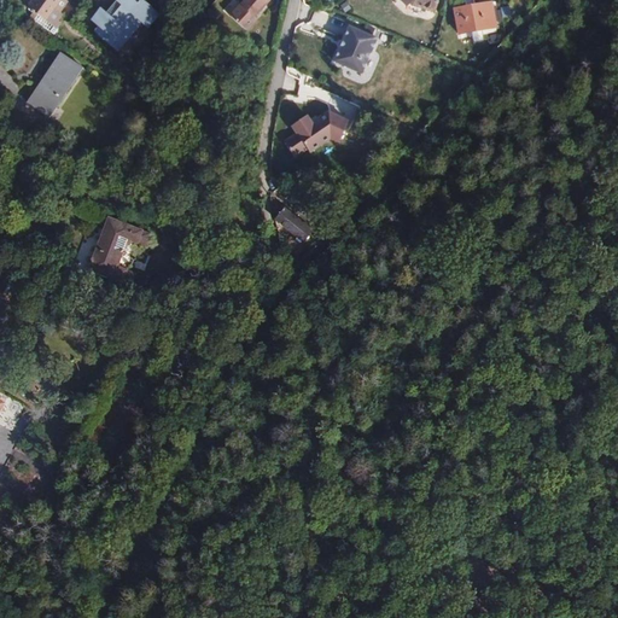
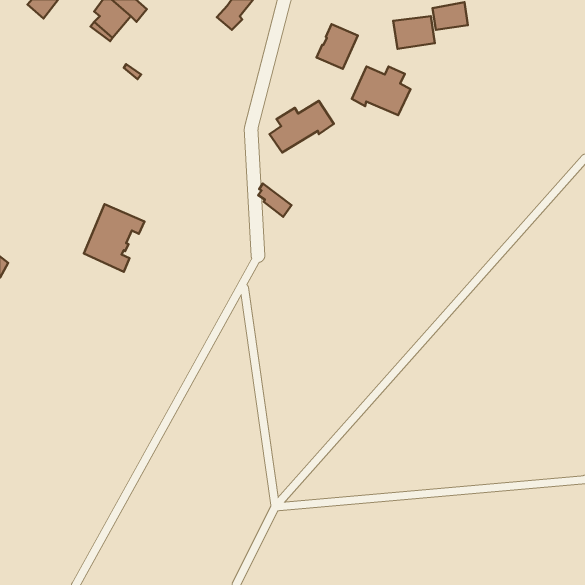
building: none -> [393,16,435,49]
building: [25,53,80,117] -> none
building: none -> [352,66,411,115]

